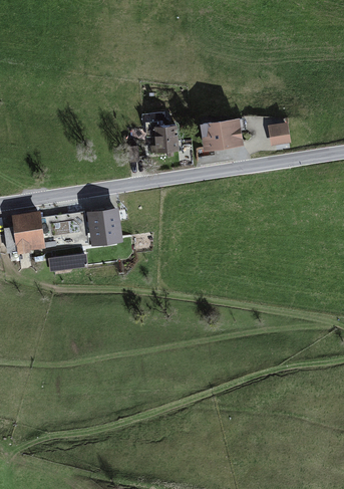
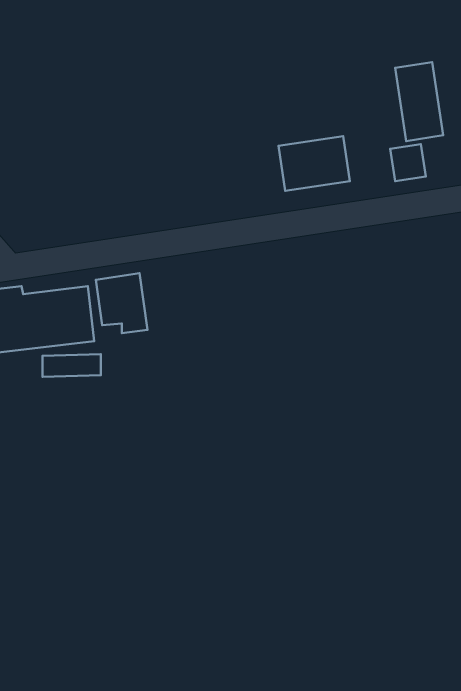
building: none -> [395,62,443,141]
building: [155,126,180,152] -> none

